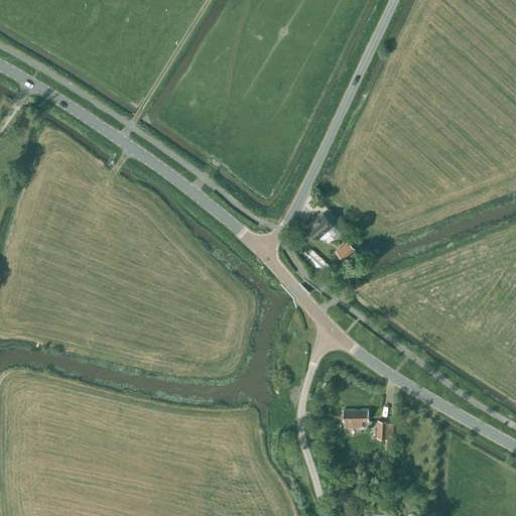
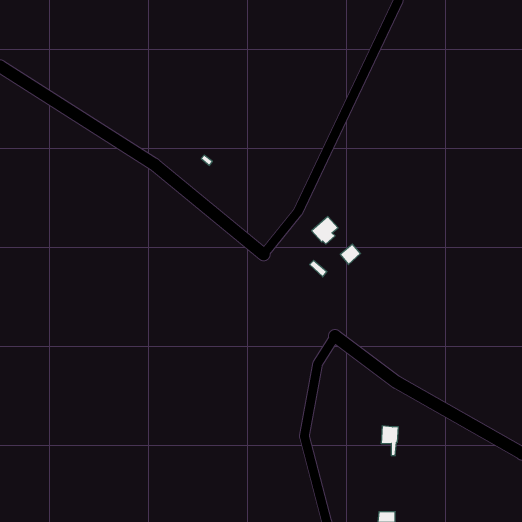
building: [343,409,369,427] -> none

